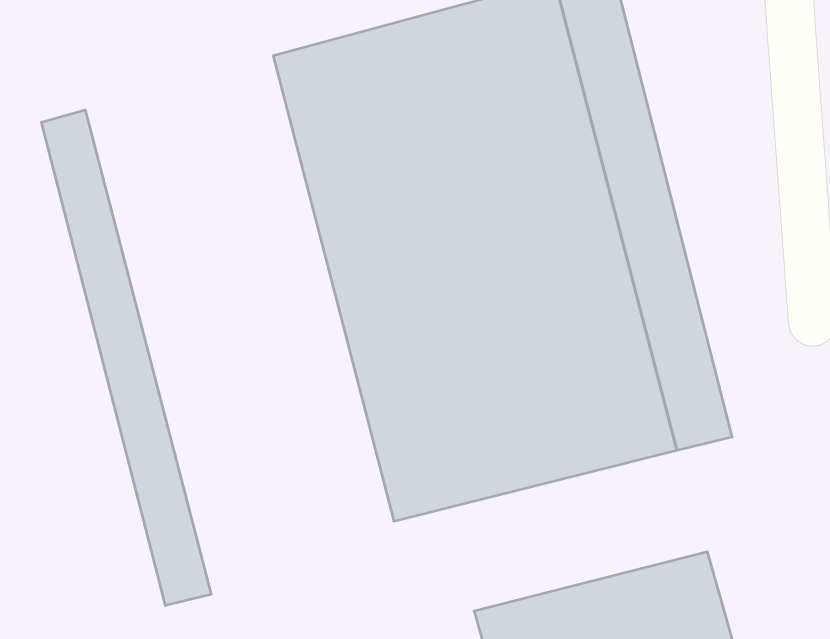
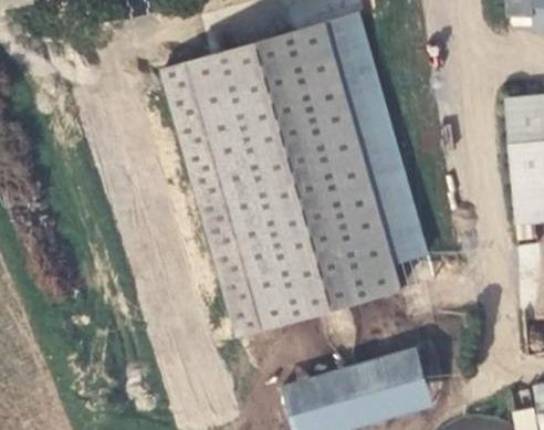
building: [42,110,211,606] -> none

